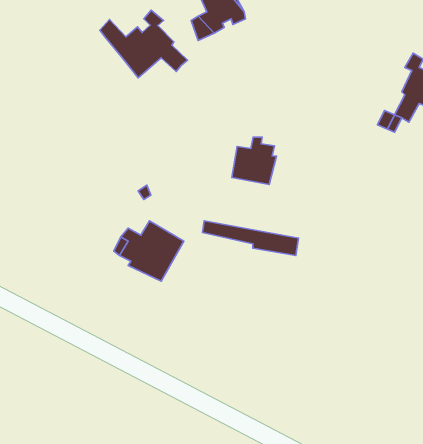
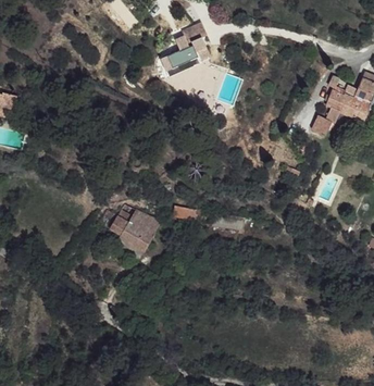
building: [100,10,187,78] -> none
building: [232,137,276,184] -> none

